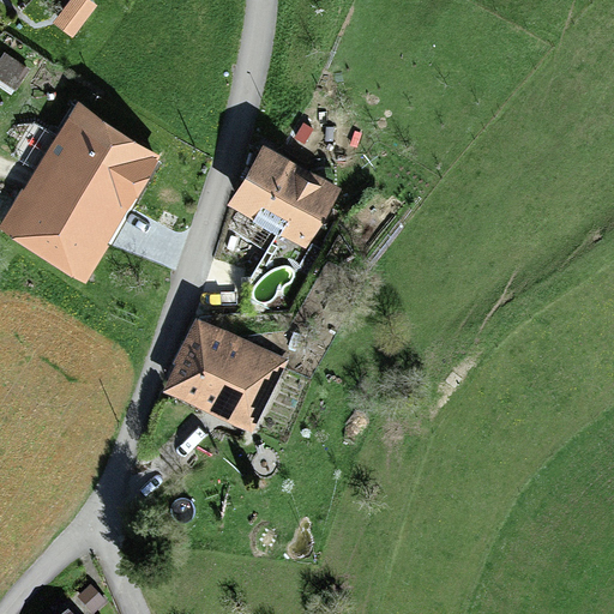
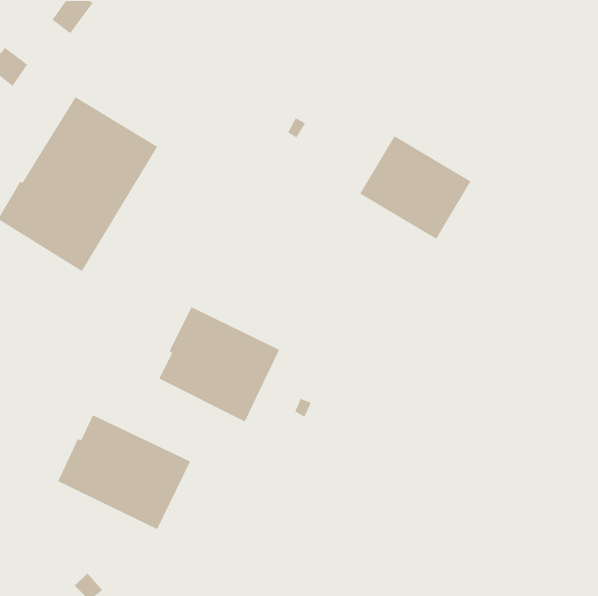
building: [225,143,341,249] -> [359,135,472,240]
building: none -> [57,414,191,530]

